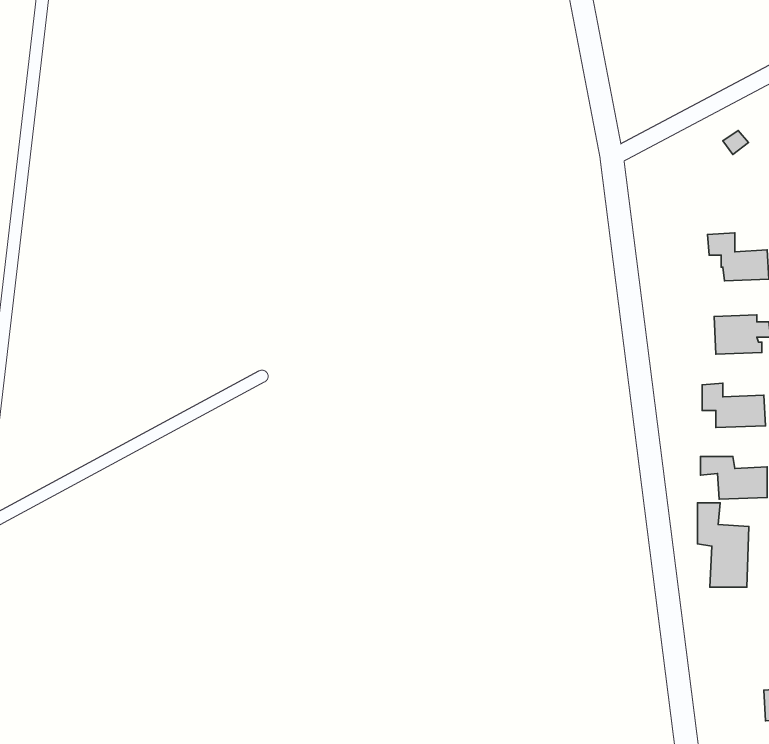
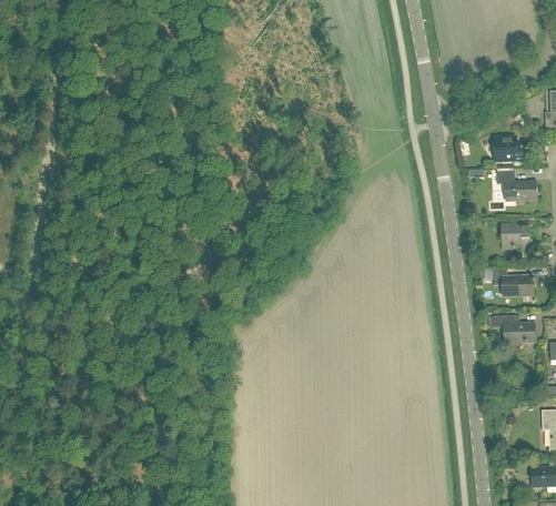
building: none -> [494,135,528,162]
building: [698,503,749,587] -> none

